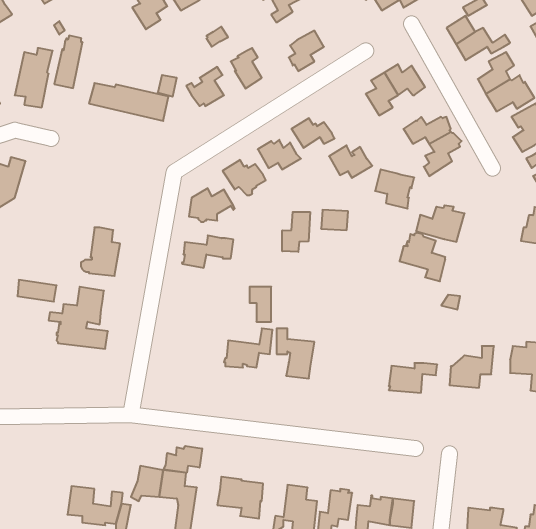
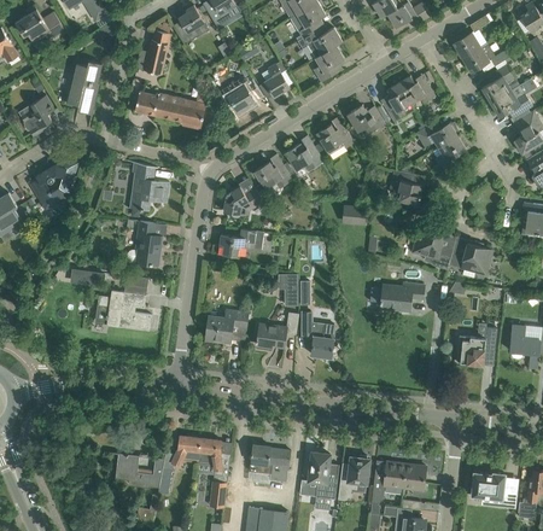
building: none -> [302,27,341,53]
building: [54,36,83,88] -> [144,27,169,74]
building: [329,145,372,178] -> [346,104,385,133]
building: none -> [132,162,169,215]
building: [416,205,465,242] -> [449,241,492,274]
building: [282,212,310,252] -> none
building: none -> [205,309,249,342]
building: [389,363,437,393] -> [380,282,424,309]
building: [164,446,202,473] -> none

